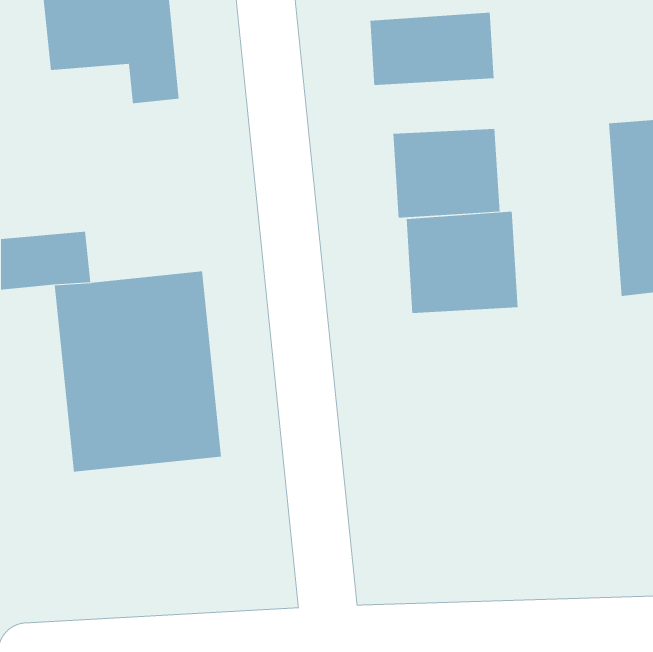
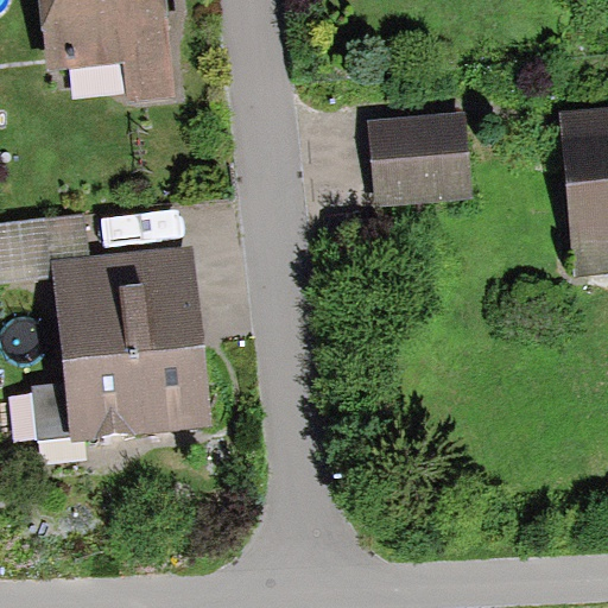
building: [370,12,494,86] -> none
building: [406,211,518,314] -> none

